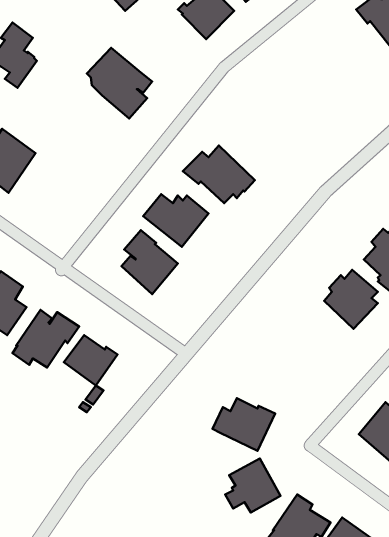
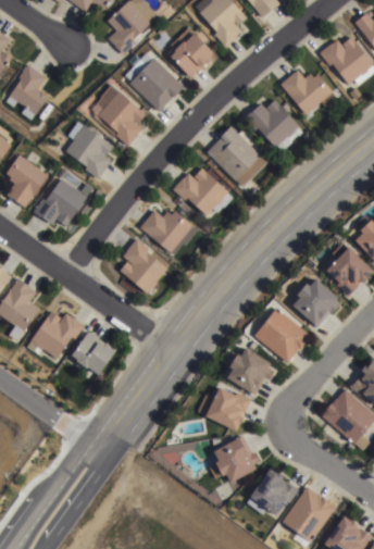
building: none -> [126,53,185,113]
building: none -> [280,71,338,116]
building: none -> [246,101,303,153]
building: none -> [66,122,114,179]
building: none -> [207,127,264,187]
building: none -> [34,179,88,228]
building: none -> [254,305,311,361]
building: none -> [226,345,273,392]

